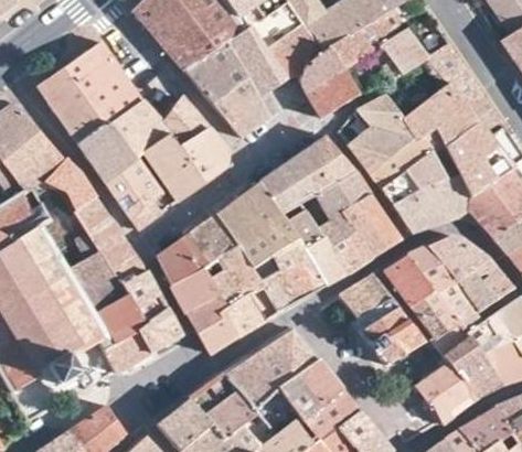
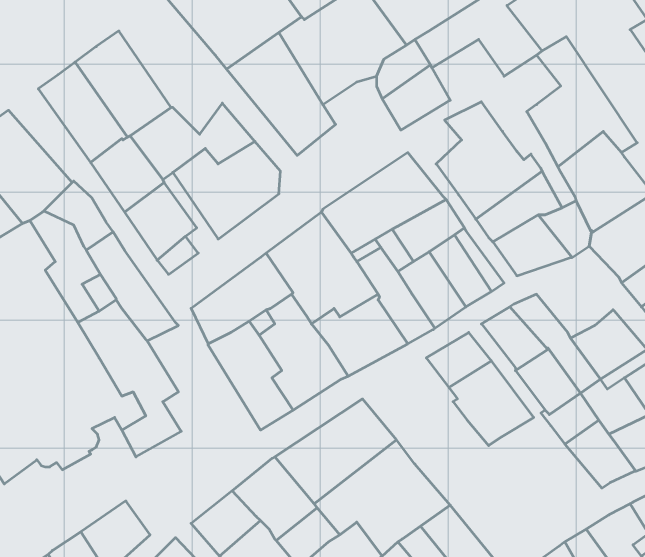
building: [400,104,444,154] -> none
building: [426,237,486,280] -> none
building: [122,270,181,353] -> none
building: [414,363,477,424] -> none

